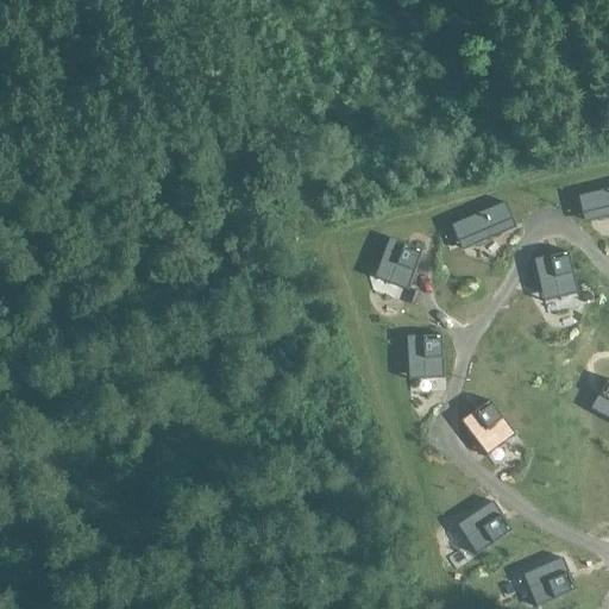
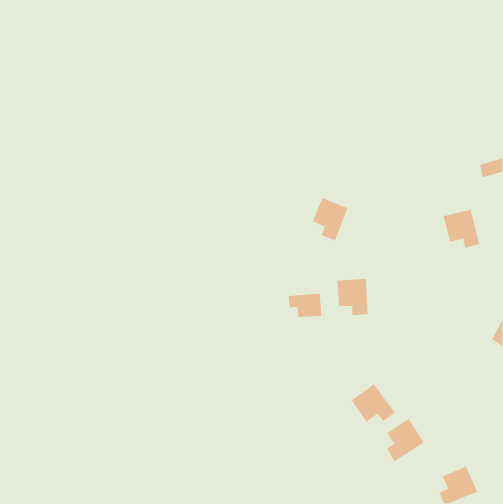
building: [448,201,510,241] -> none
building: none -> [288,293,322,318]
building: [460,401,515,448] -> [350,383,396,423]

